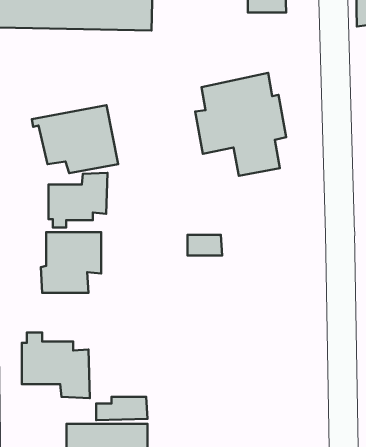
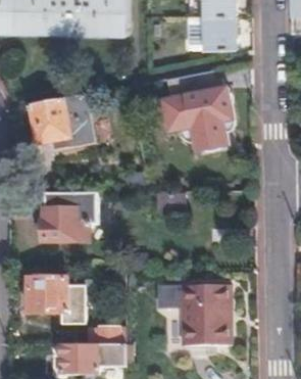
building: none -> [189,18,234,49]
building: [48,173,107,228] -> none
building: none -> [161,284,234,345]

